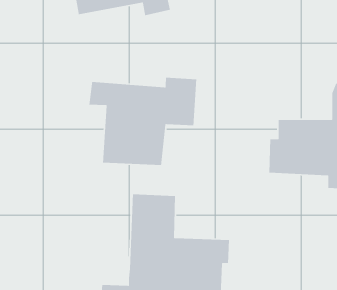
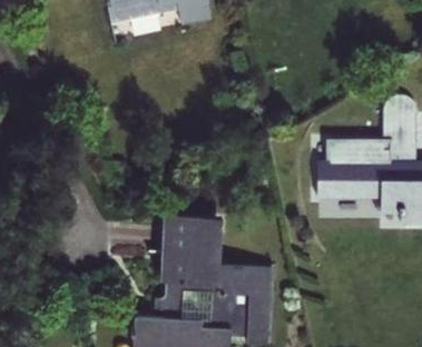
building: [89,77,197,166] -> none

